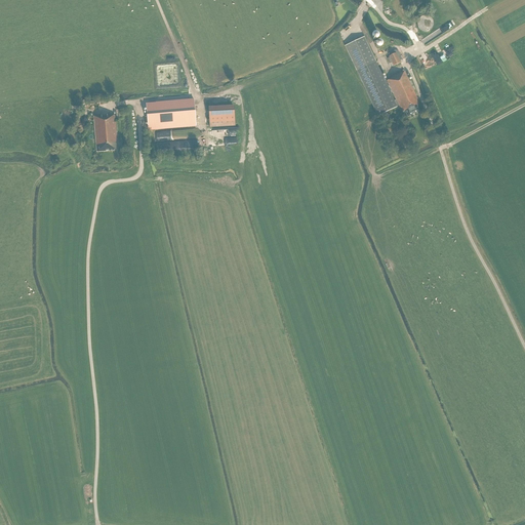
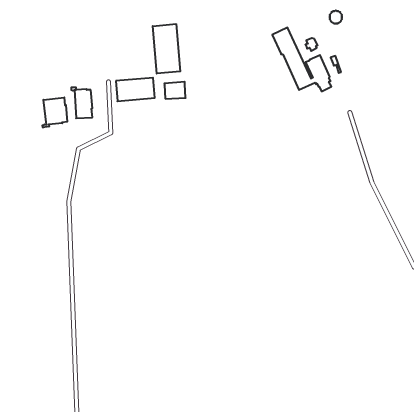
building: none -> [153,24,180,74]
building: none -> [42,97,67,128]

